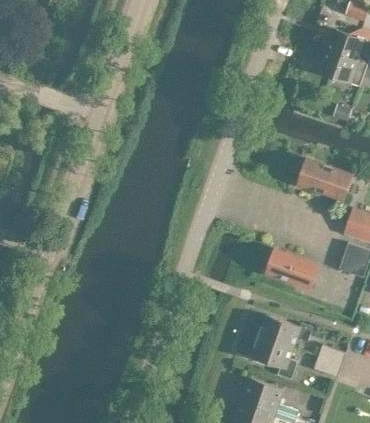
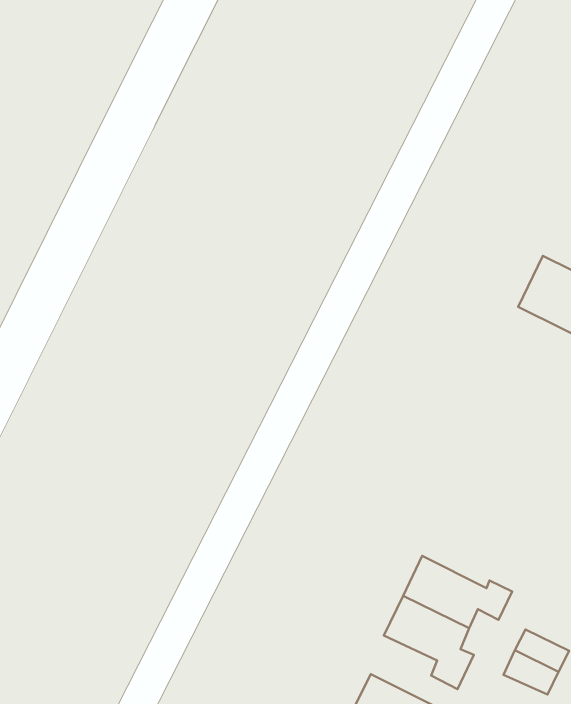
building: [264,248,318,290] -> none

